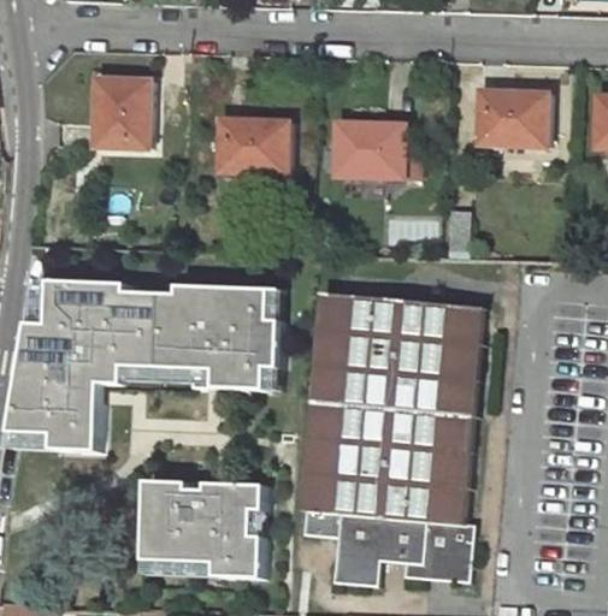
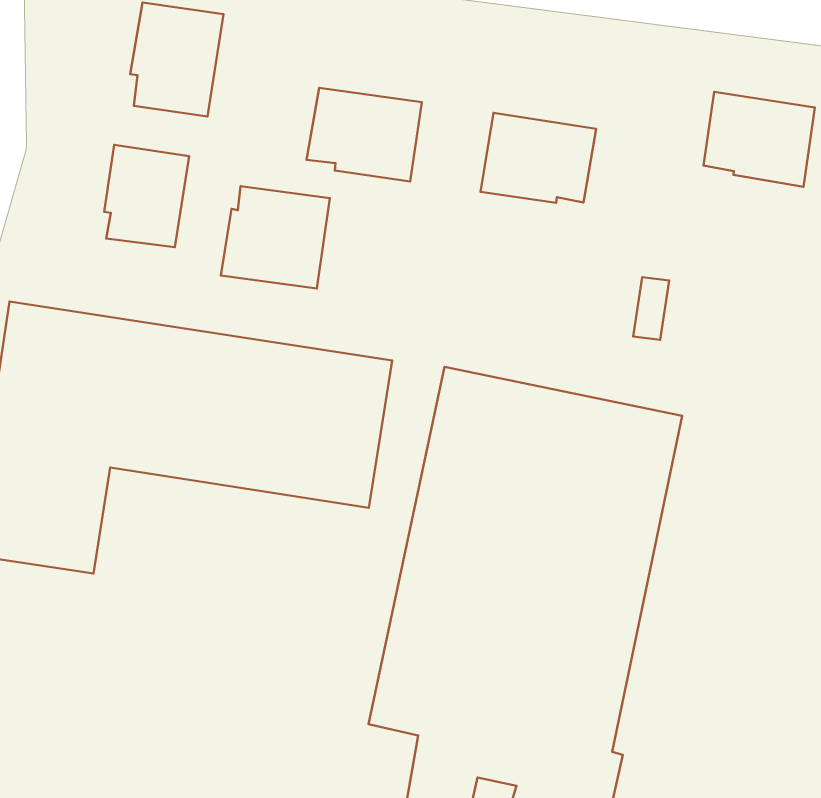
building: none -> [104,145,189,247]
building: none -> [221,186,330,289]
building: [146,484,268,579] -> none

